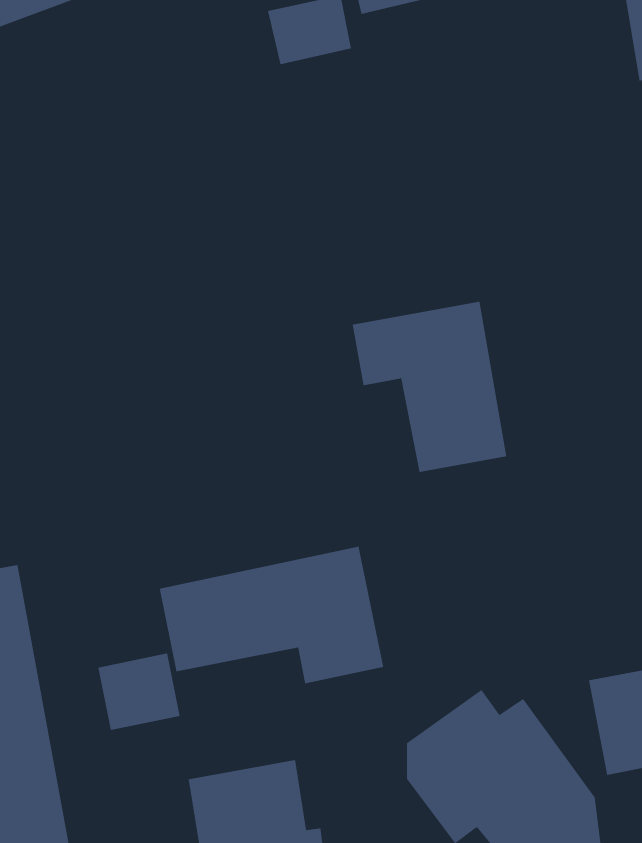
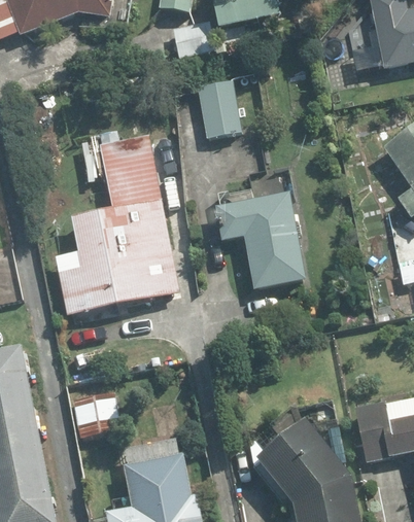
building: none -> [195,77,242,138]
building: none -> [57,141,178,313]
building: [159,546,384,684] -> none

